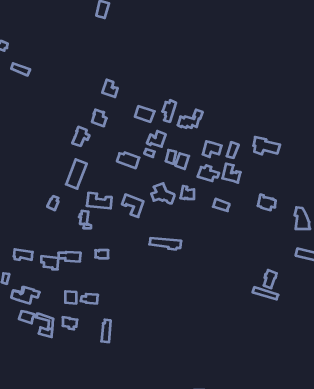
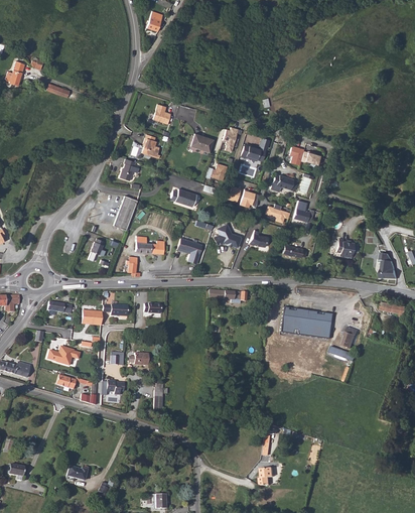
building: [253,137,280,154] -> [289,144,320,164]
building: none -> [280,306,330,339]

